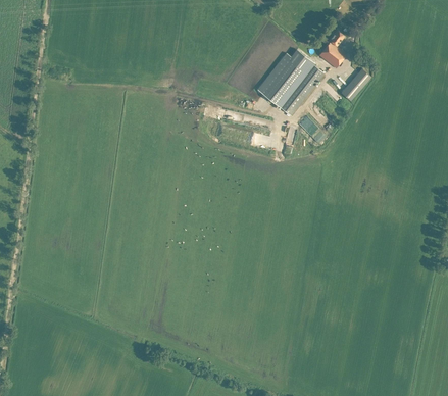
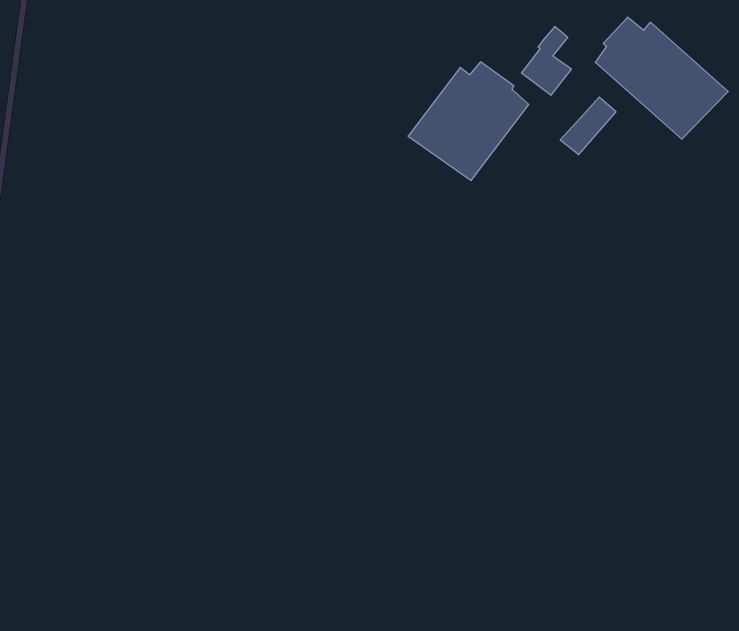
building: none -> [595,17,728,139]

